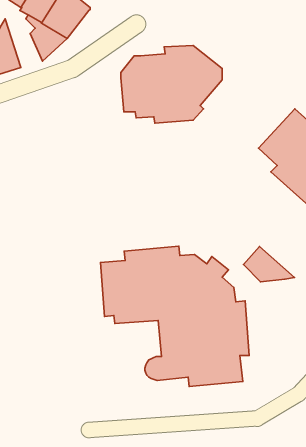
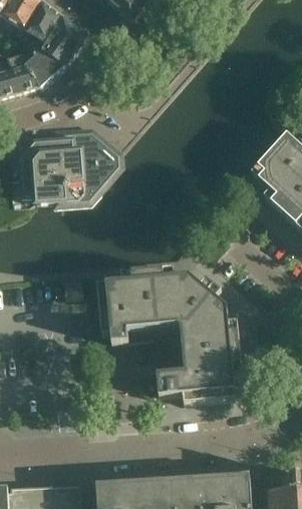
building: none -> [7,39,43,94]
building: [121,46,222,123] -> [23,132,121,207]
building: [243,246,294,282] -> none

